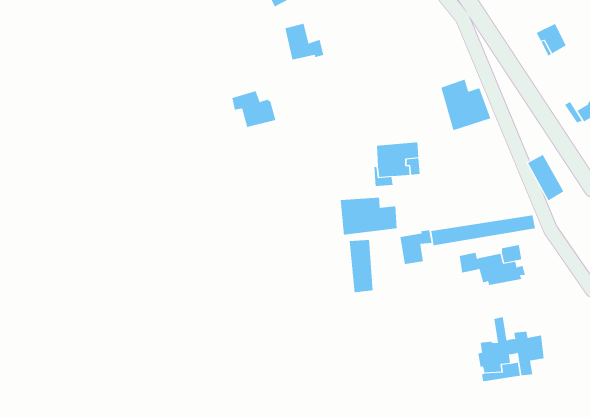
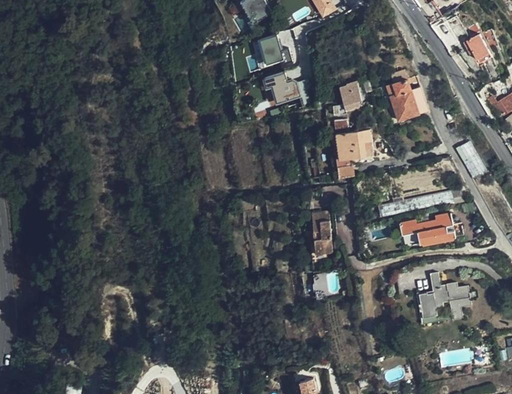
building: none -> [337,83,362,111]
building: [232,90,276,128] -> [264,72,300,102]
building: [340,197,397,235] -> none
building: [400,229,432,265] -> none

